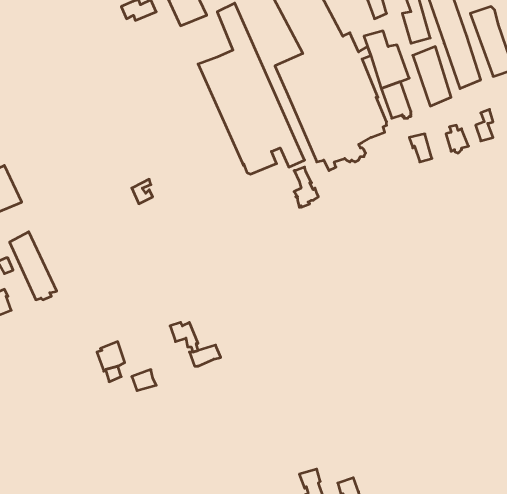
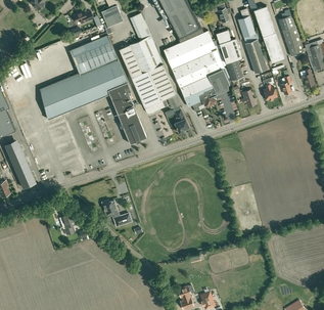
building: none -> [40,34,146,143]

